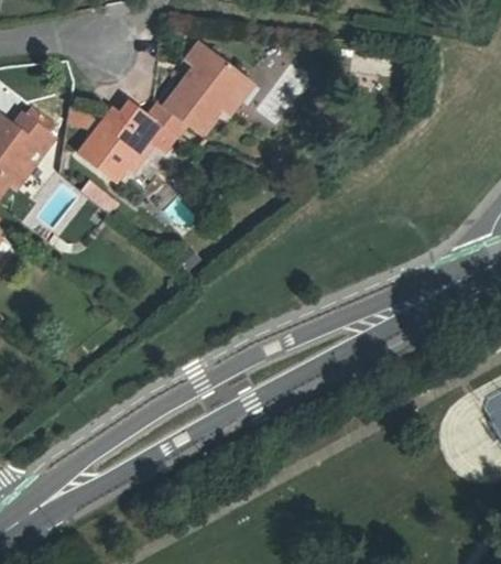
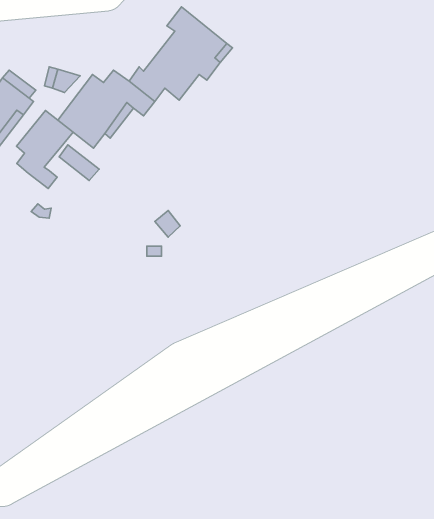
building: none -> [17,110,73,189]

